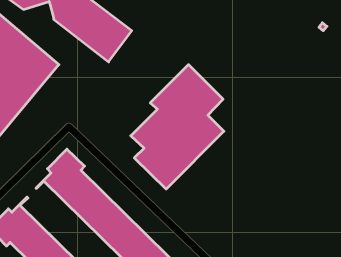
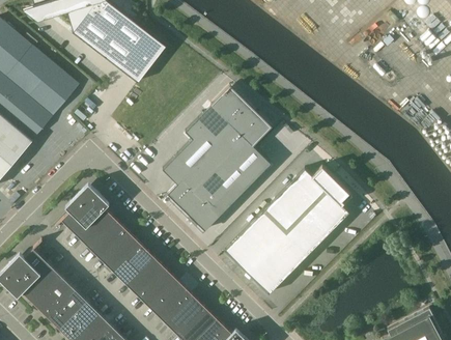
building: none -> [238,167,353,295]

